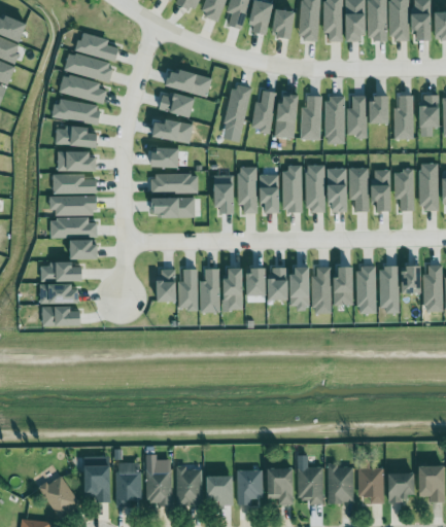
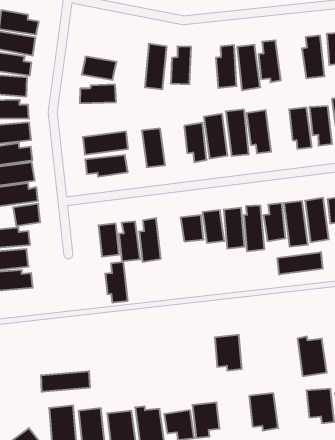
building: [166,68,211,96] -> none
building: [275,94,299,138] -> none
building: [370,96,389,122] -> none
building: [152,147,180,168] -> none
building: [237,166,256,212] -> none
building: [348,167,369,211] -> none
building: [222,268,243,309] -> [105,262,128,303]
building: none -> [278,252,323,275]
building: none -> [41,371,90,392]
building: [327,461,353,502] -> [298,337,327,376]
building: [267,466,294,502] -> [215,335,242,371]

